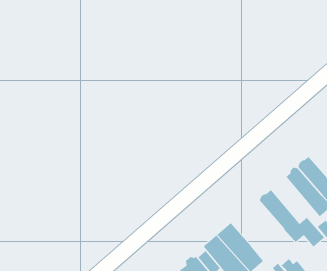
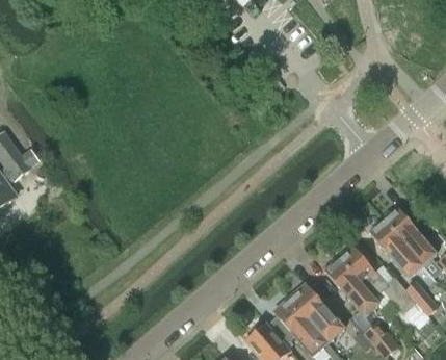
building: none -> [325,258,379,317]

